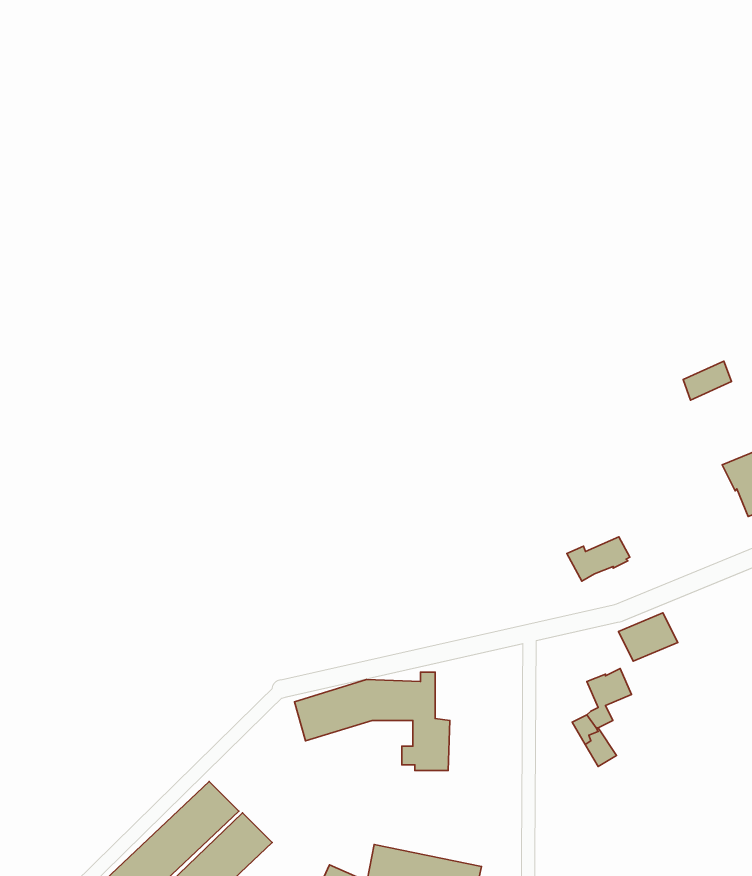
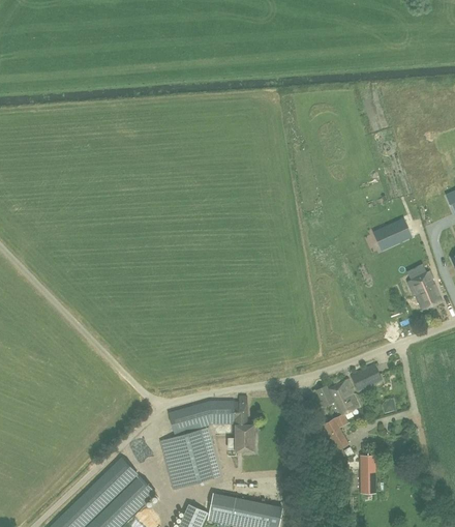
building: [567,537,630,581] -> [316,381,352,406]
building: none -> [159,427,224,490]
building: none -> [360,455,376,493]

